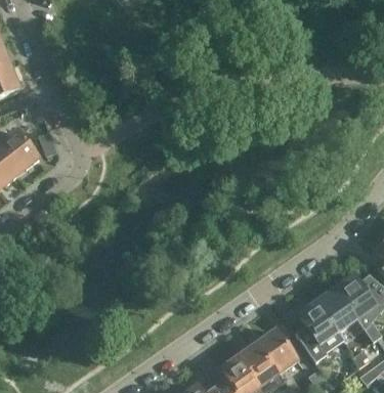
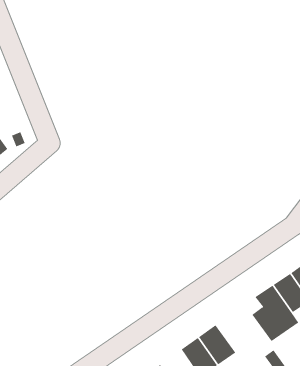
building: [257,330,297,373] -> none

